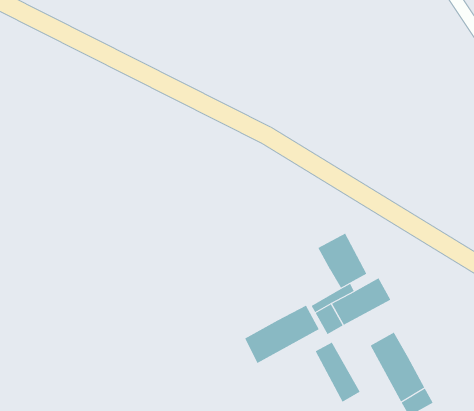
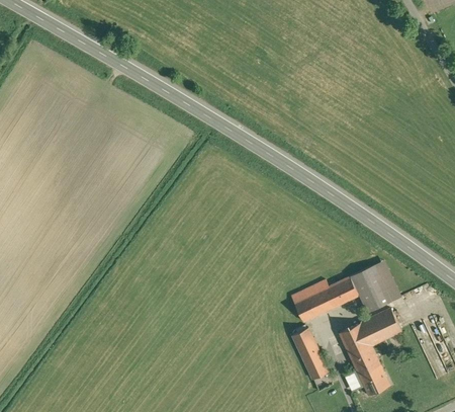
building: [317,233,367,289] -> [350,265,390,312]
building: [245,305,319,364] -> none
building: none -> [360,309,401,345]

